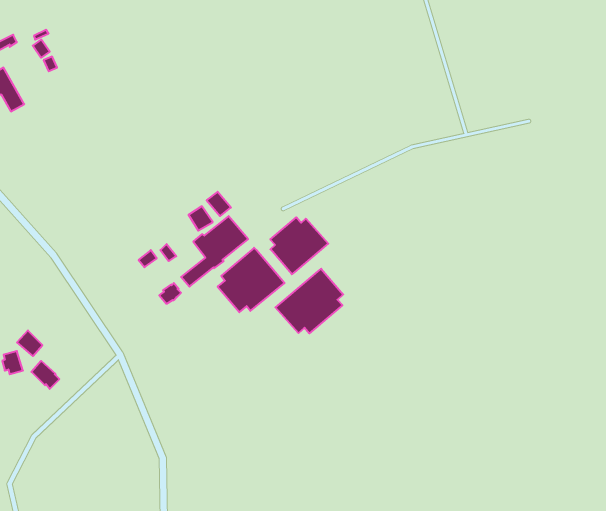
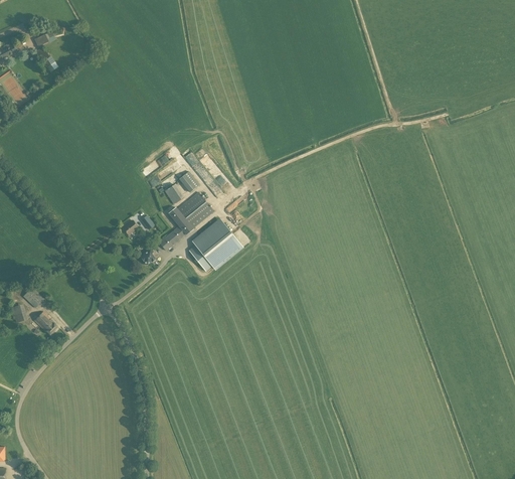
building: [270,217,328,274] -> none
building: [275,269,343,333] -> none

